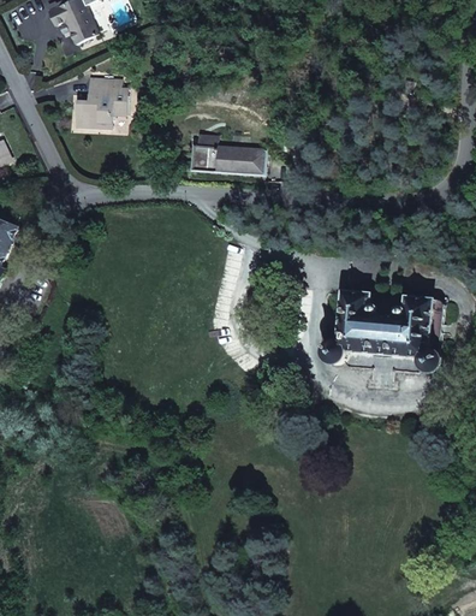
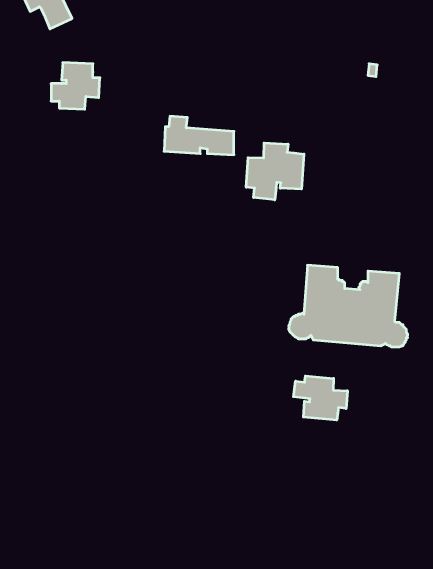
building: none -> [246,143,304,200]
building: none -> [293,376,347,420]

